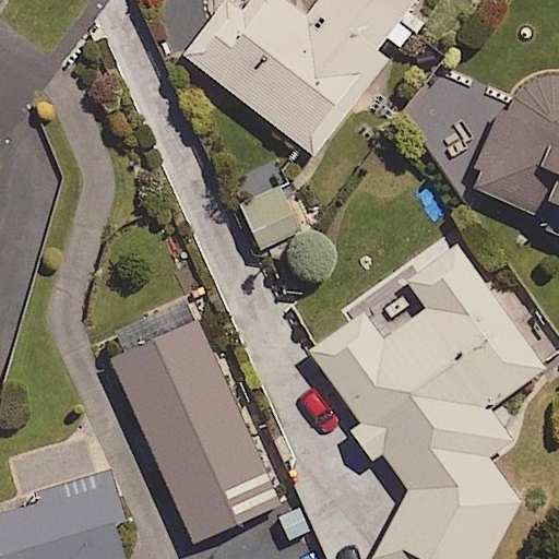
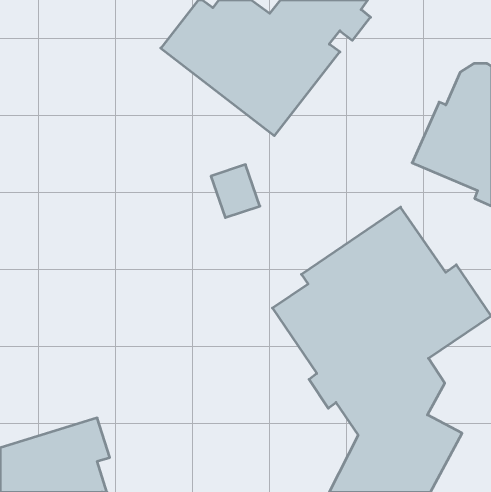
building: [110,321,278,542] -> none

